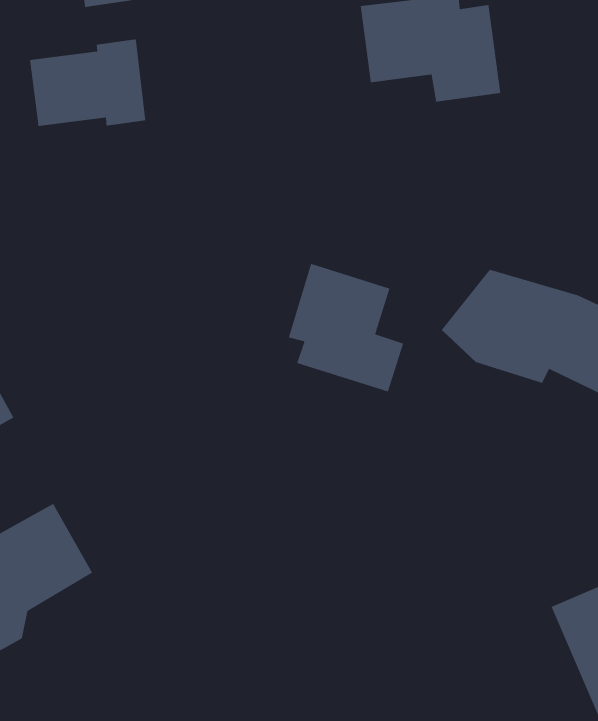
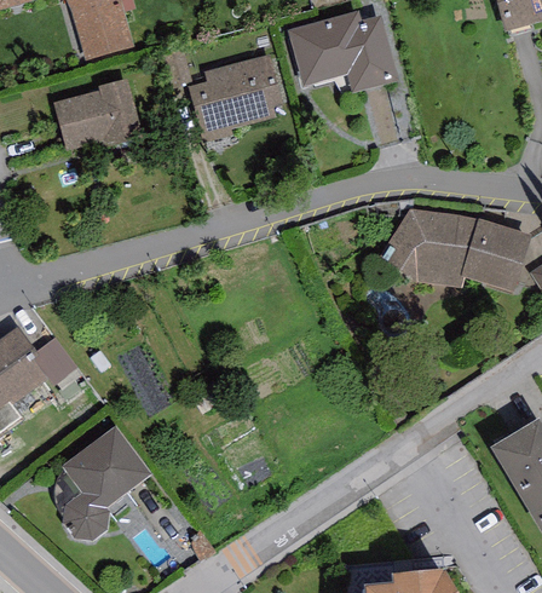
building: none -> [188,53,283,142]
building: [288,263,404,393] -> none

